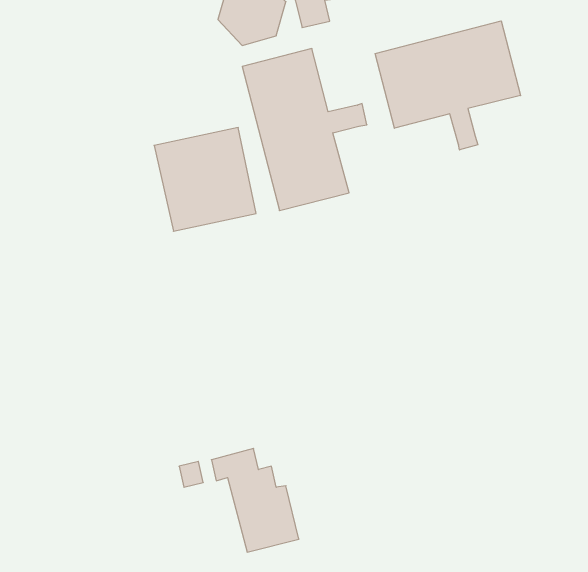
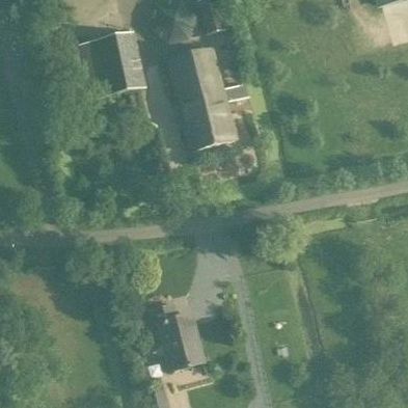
building: [375,21,521,150] -> none
building: [154,128,256,231] -> [80,30,145,97]

